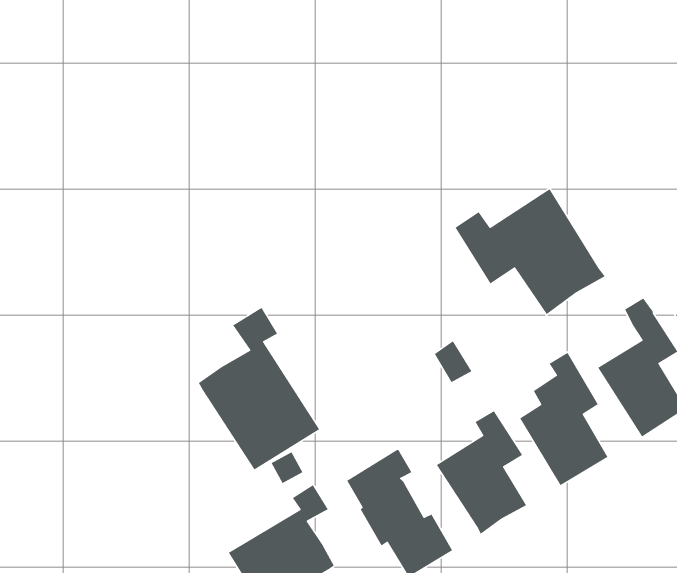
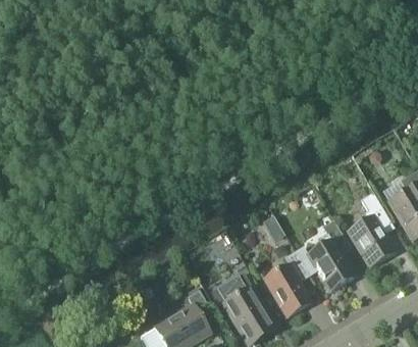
building: [455,188,606,315] -> none
building: [198,307,320,470] -> none

